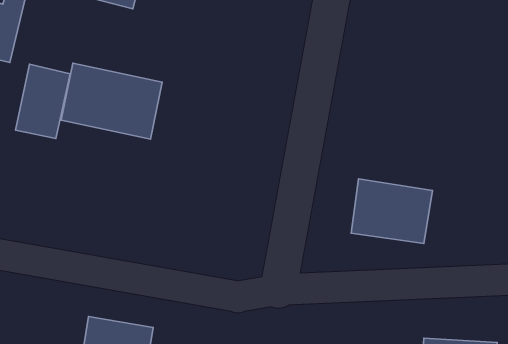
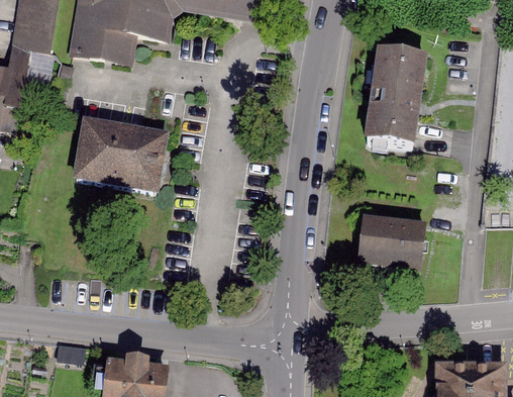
building: none -> [360,45,426,142]
building: [16,64,70,139] -> none

